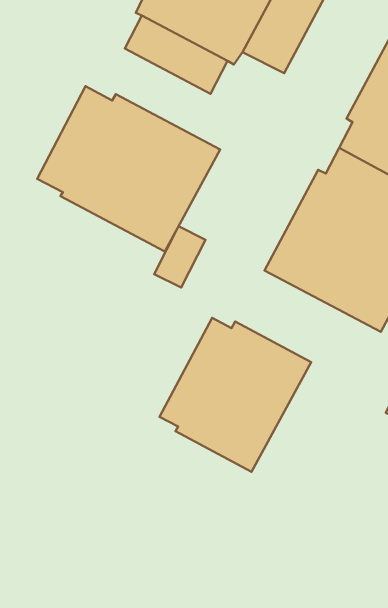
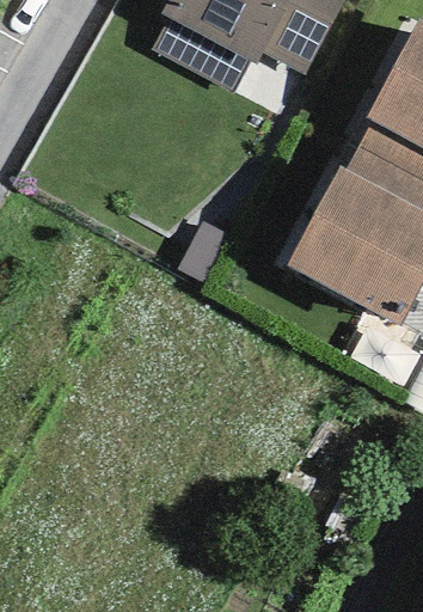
building: [37,86,220,252] -> none
building: [159,318,311,472] -> none

